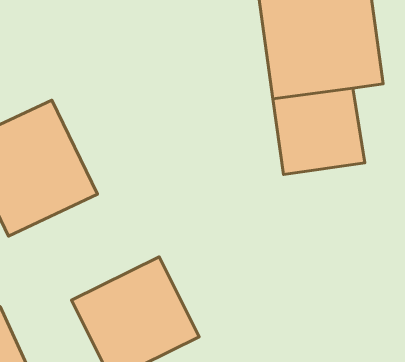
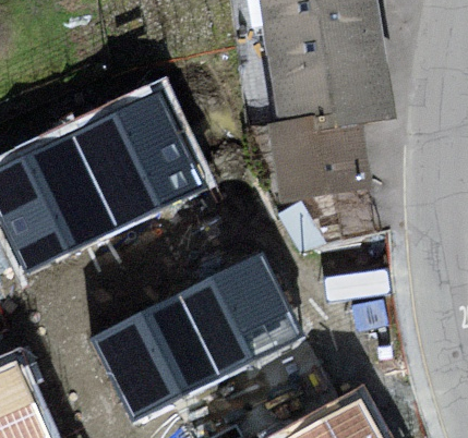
building: none -> [67,92,203,230]
building: none -> [175,253,295,374]

